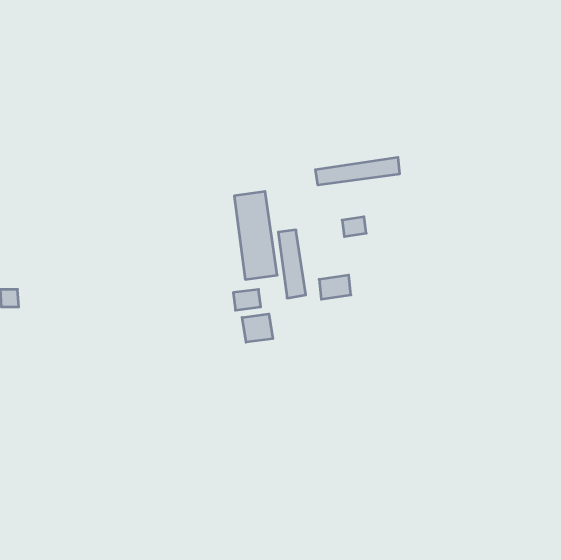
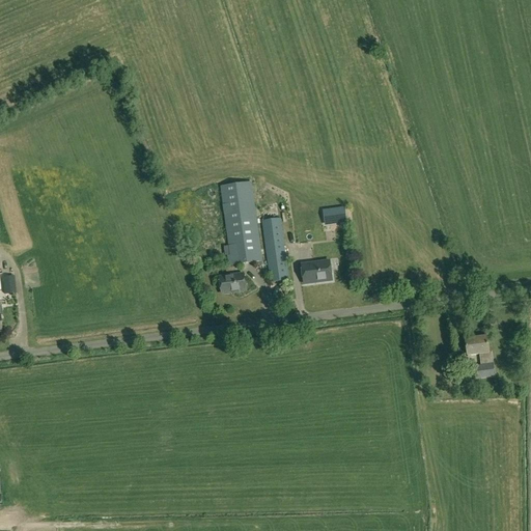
building: [315,157,399,185] -> none
building: [242,314,273,342] -> none
building: none -> [465,335,495,378]

